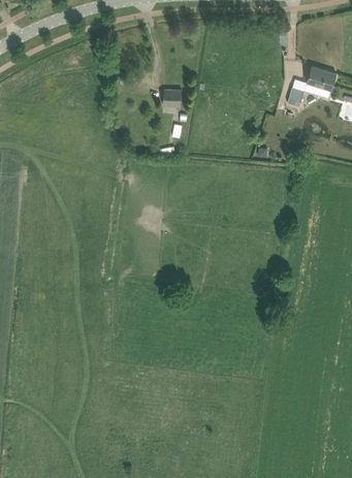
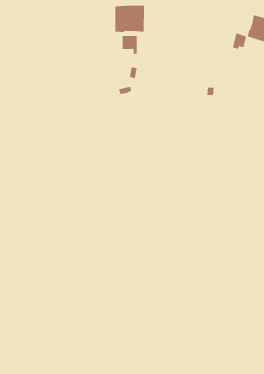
building: none -> [115,5,144,33]

